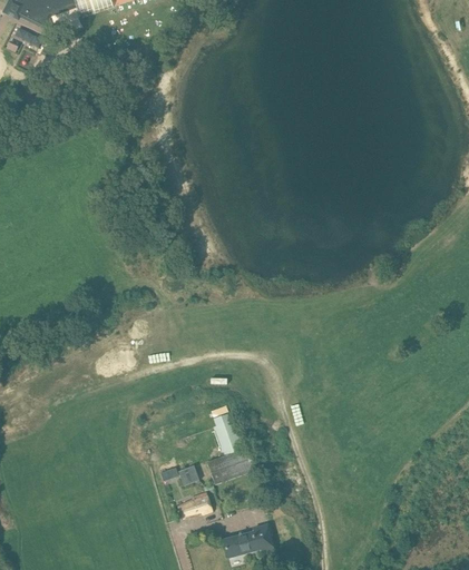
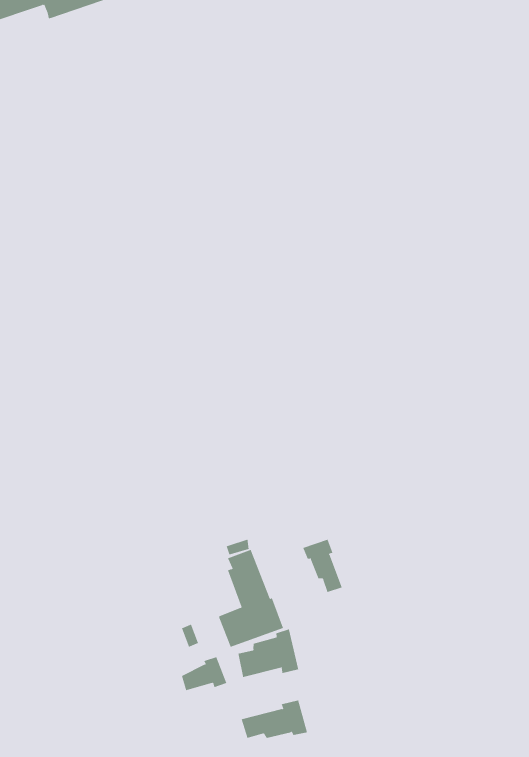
building: none -> [303,539,343,593]
building: none -> [238,629,299,678]

